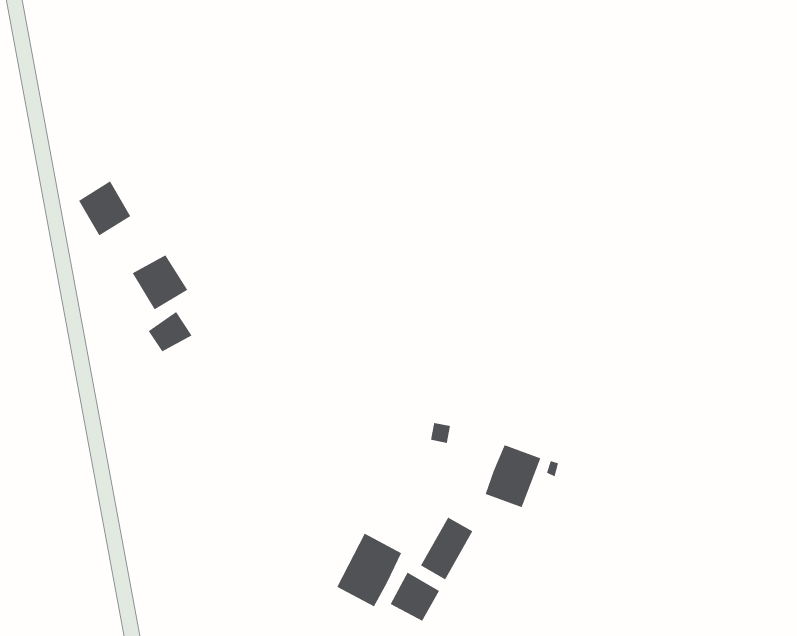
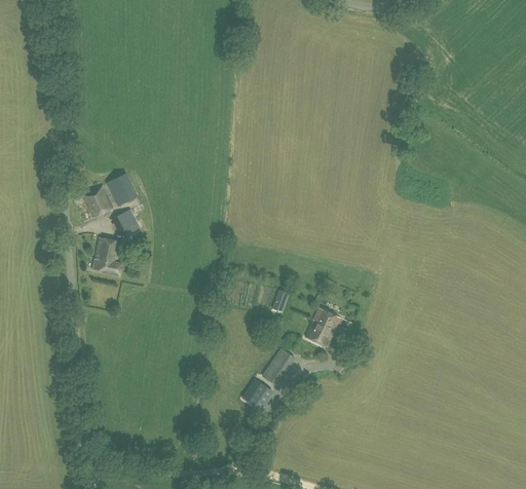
building: [78,181,131,236] -> [81,185,112,218]
building: none -> [91,238,121,275]
building: [337,533,402,607] -> none

